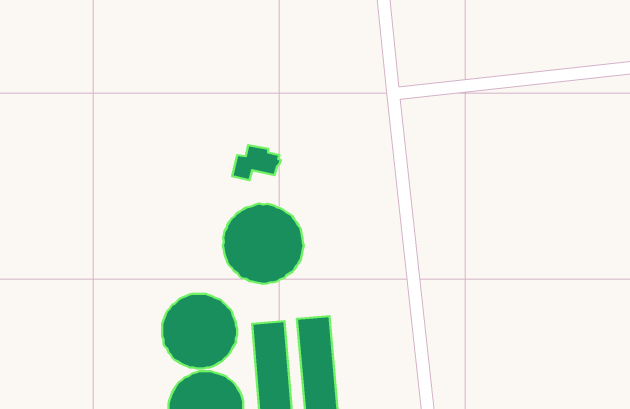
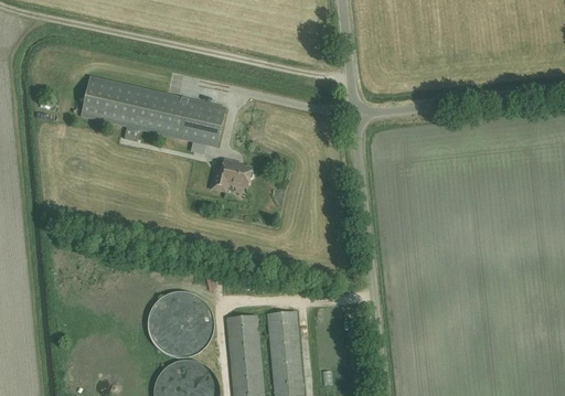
building: none -> [81,76,226,147]
building: [223,204,304,284] -> none

